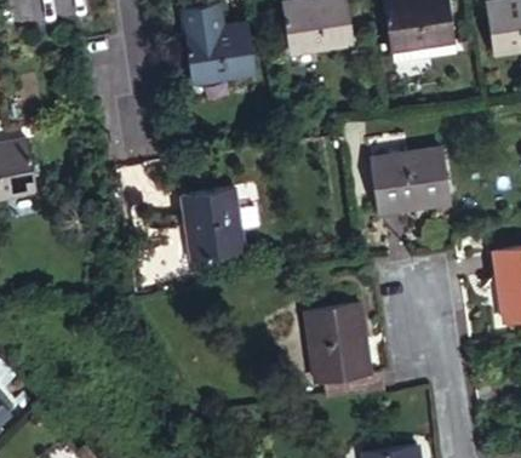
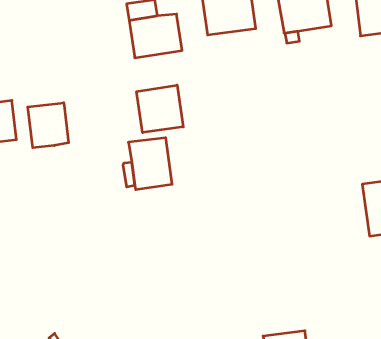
building: none -> [137,85,183,133]
building: none -> [28,103,69,148]
building: [371,148,448,212] -> none
building: [303,303,384,396] -> none

